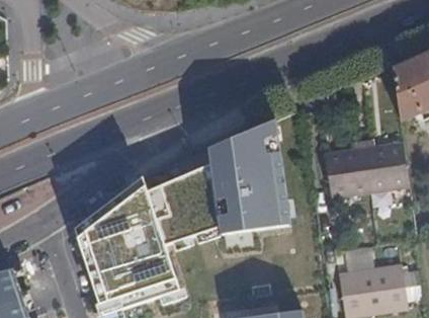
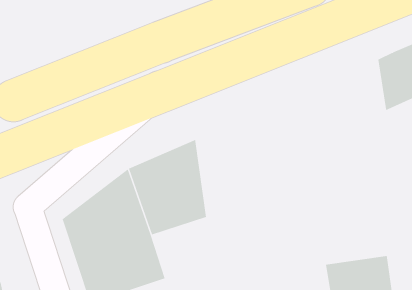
building: [210,120,290,232] -> none
building: [326,142,410,196] -> none

